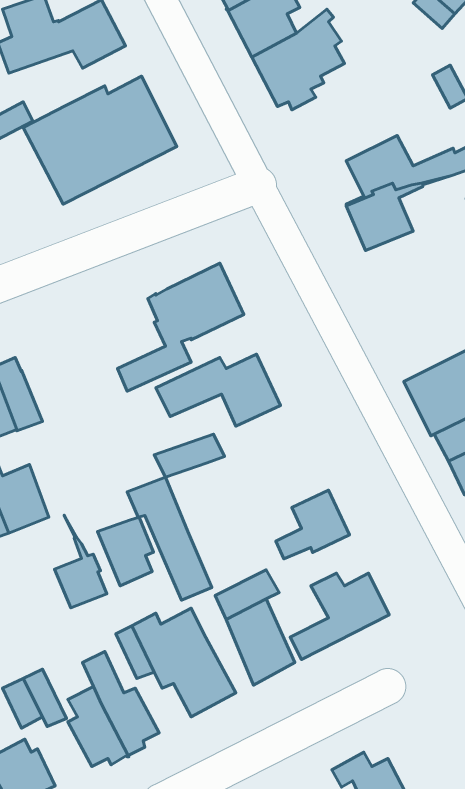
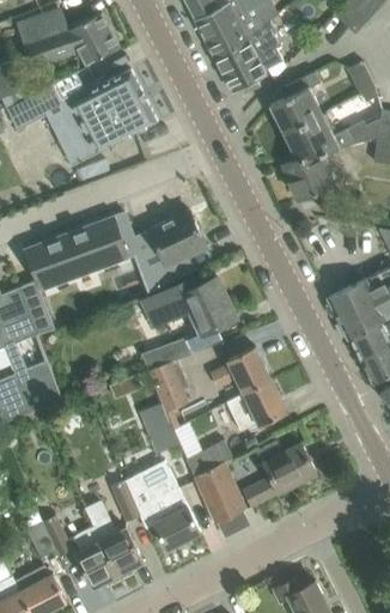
building: none -> [269,77,322,133]
building: none -> [30,212,142,289]
building: none -> [209,346,270,393]
building: [54,515,107,608] -> none
building: [98,517,154,586] -> [148,359,190,411]

